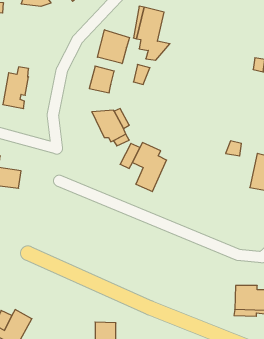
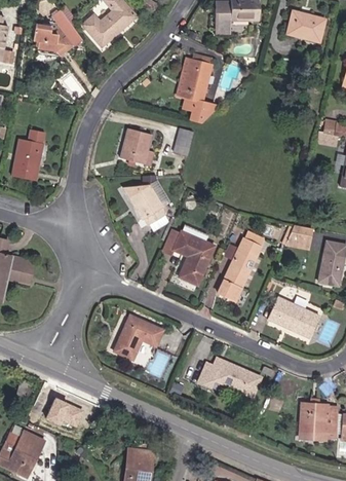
building: [97,30,130,64] -> none
building: none -> [220,231,264,296]
building: none -> [265,294,319,339]
building: none -> [113,312,164,360]
building: none -> [196,357,262,397]
building: none -> [43,396,86,427]

